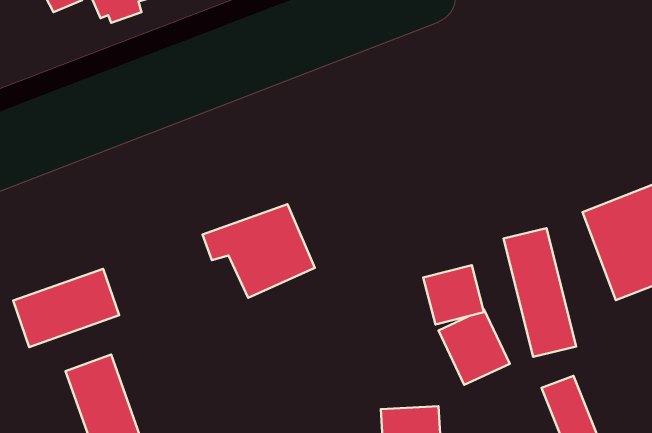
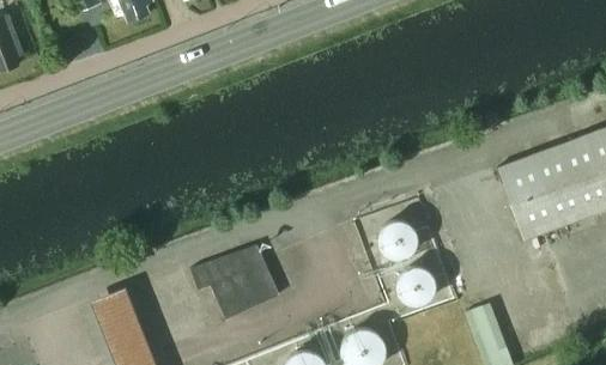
building: [203,204,315,298] -> [190,245,279,320]
building: [503,228,576,357] -> none
building: [13,269,119,347] -> none

